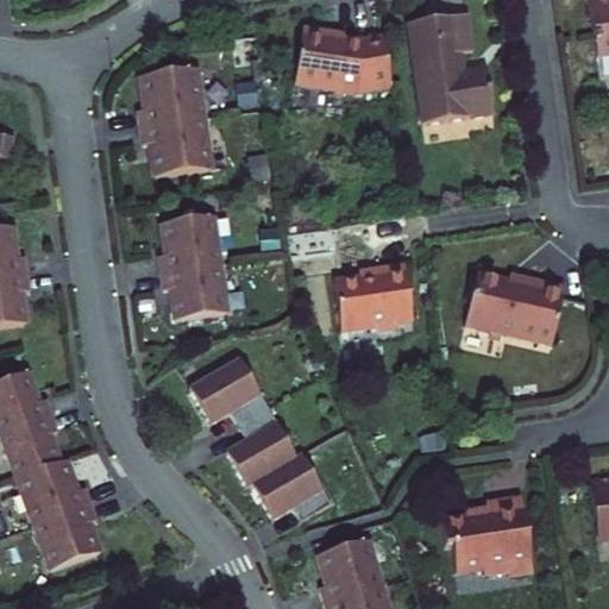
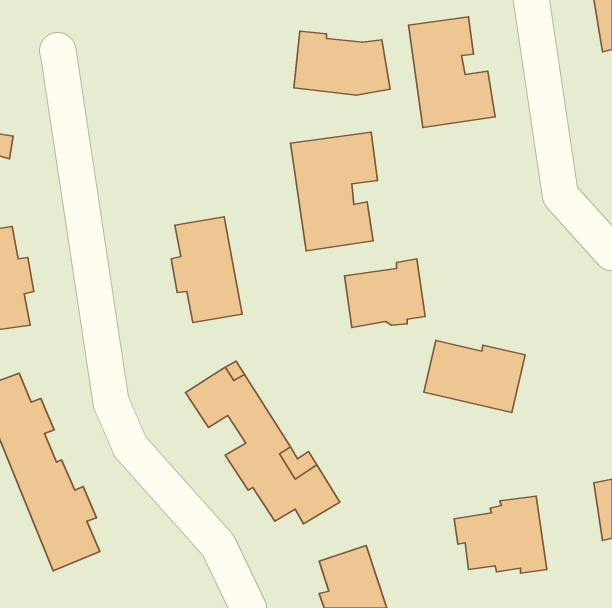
building: [143,65,218,175] -> none
building: none -> [291,132,377,251]
building: [462,270,561,341] -> [424,340,525,413]

